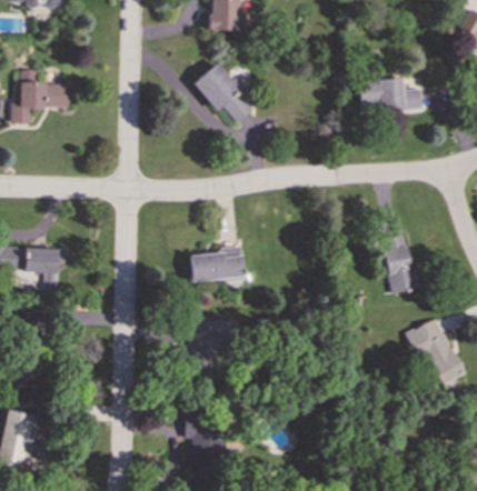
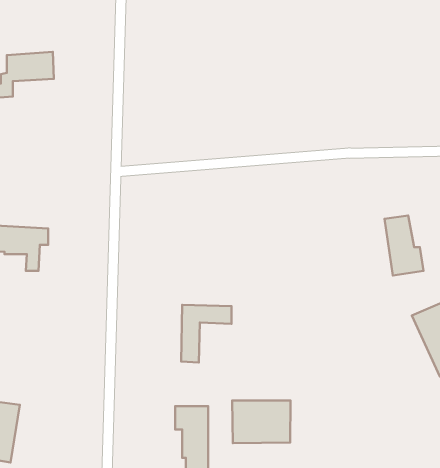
building: [192,61,252,122] -> none
building: [359,79,421,108] -> none
building: [189,249,244,280] -> none
building: none -> [232,401,290,443]

